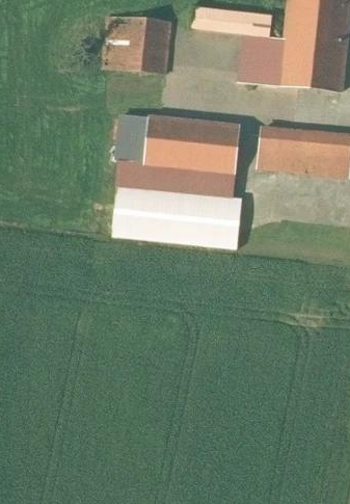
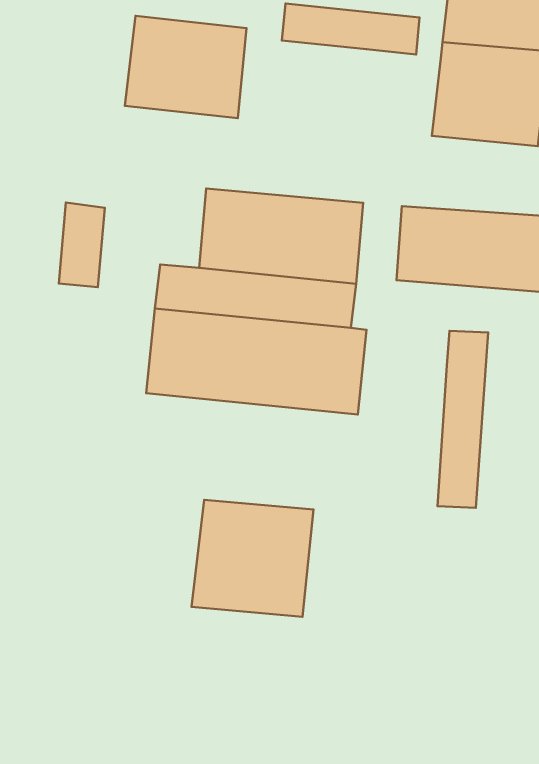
building: [236,33,285,84] -> none
building: [119,112,146,162] -> [59,202,105,287]
building: none -> [437,331,488,508]
building: none -> [191,500,313,617]

